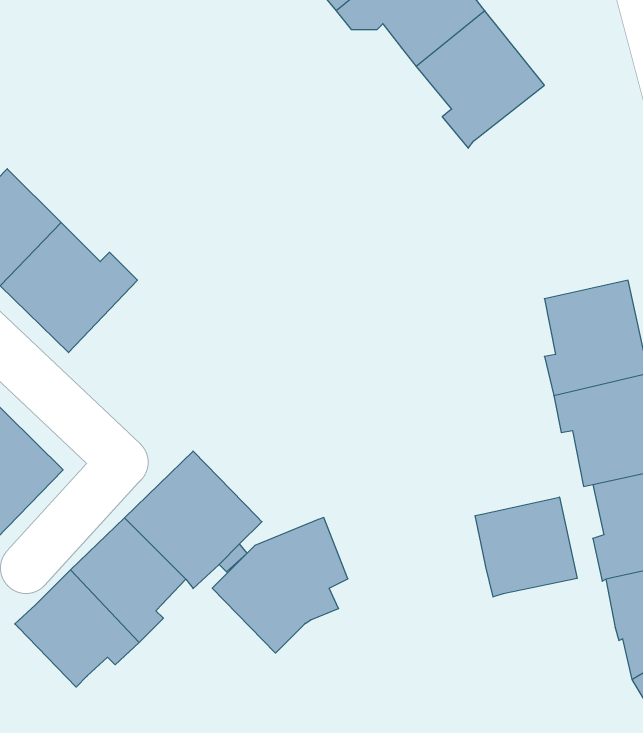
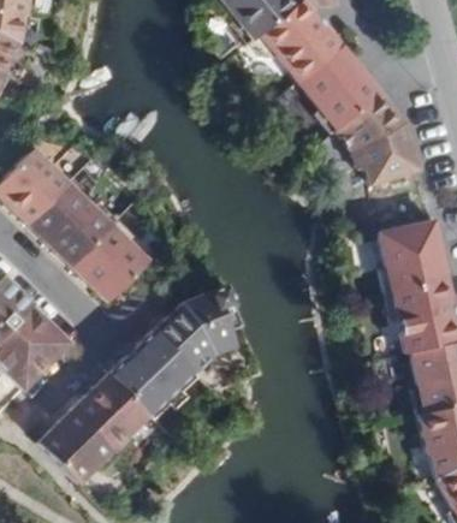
building: none -> [336,94,420,185]
building: none -> [73,220,149,302]
building: [475,497,577,597] -> none
building: [212,518,348,653] -> [154,285,242,373]

